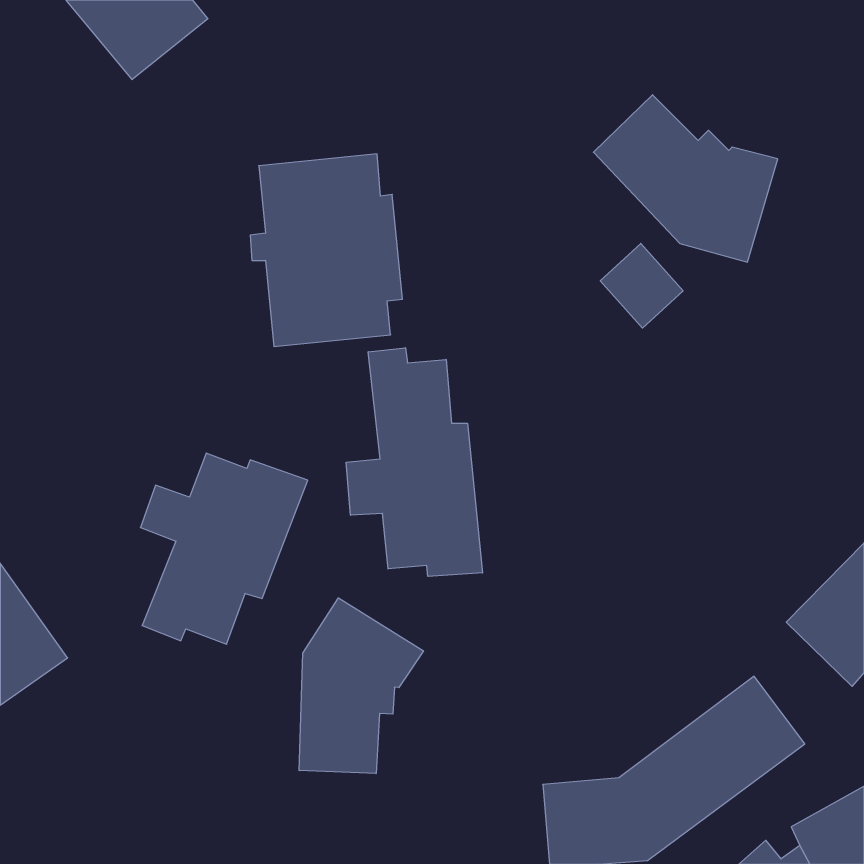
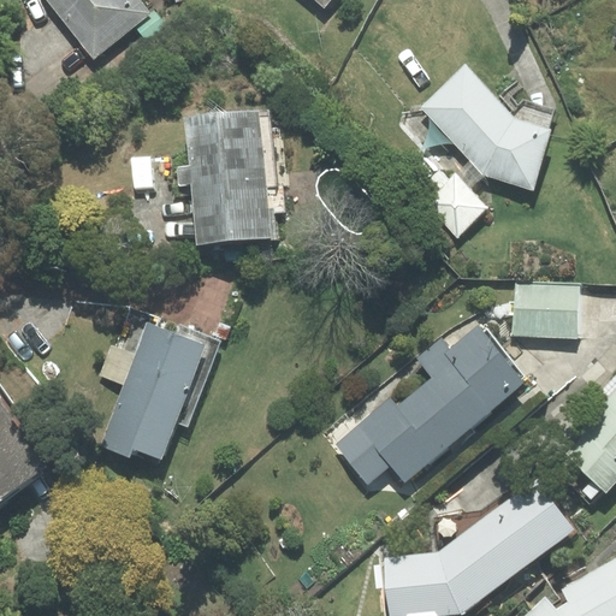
building: [346,348,482,576] -> none
building: none -> [513,283,579,337]
building: none -> [338,328,523,480]
building: [299,598,423,774] -> none

